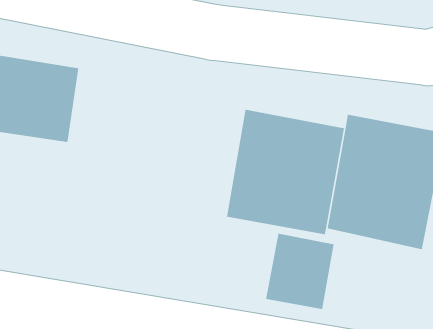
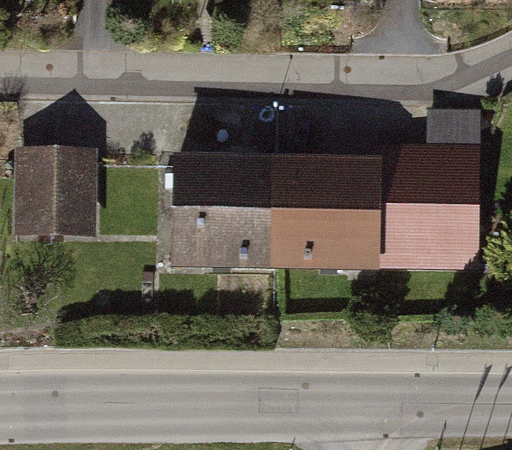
building: none -> [172,153,273,269]
building: [265,233,334,310] -> none

